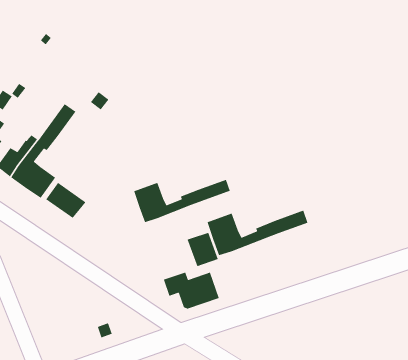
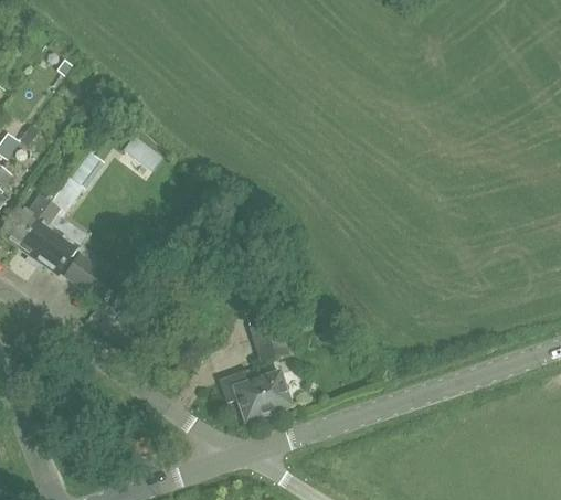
building: [133,179,231,223] -> none
building: [206,210,309,256] -> none

